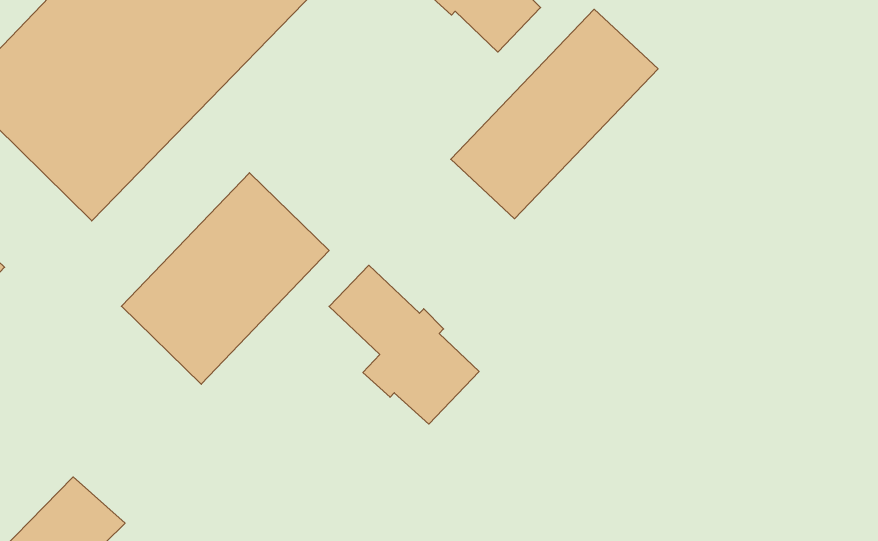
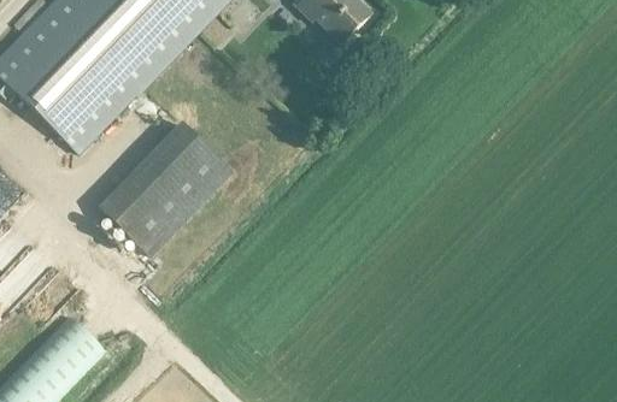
building: [451,9,658,219] -> none
building: [329,265,479,424] -> none

